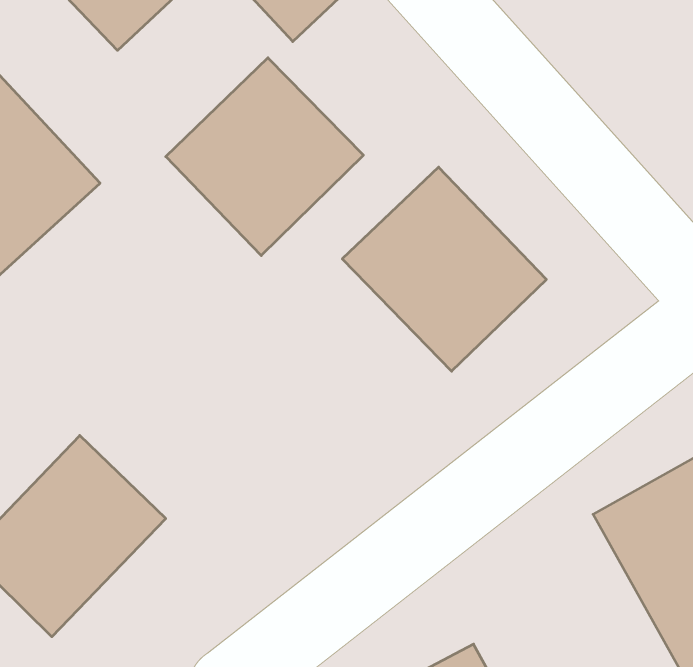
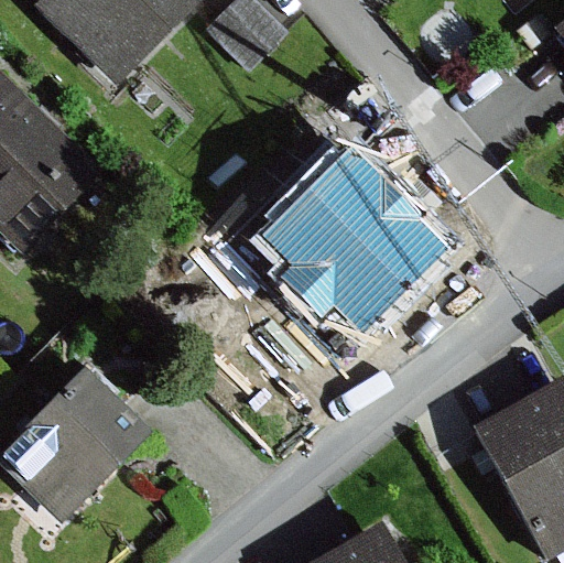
building: [166,58,363,256] -> none

